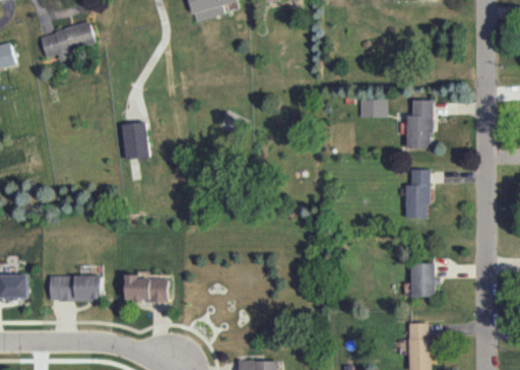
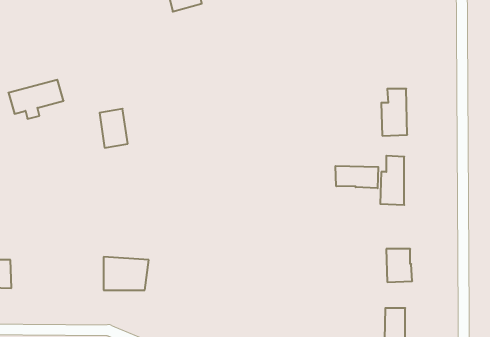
building: [40,21,95,61] -> [8,80,64,119]
building: [359,98,386,116] -> none
building: none -> [336,166,378,188]
building: [48,271,102,303] -> none

